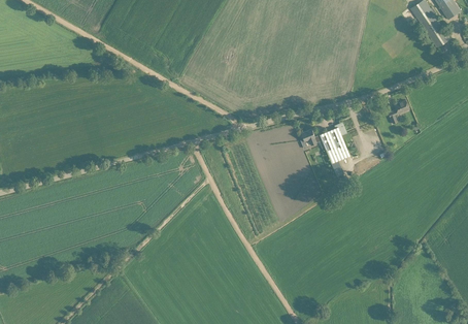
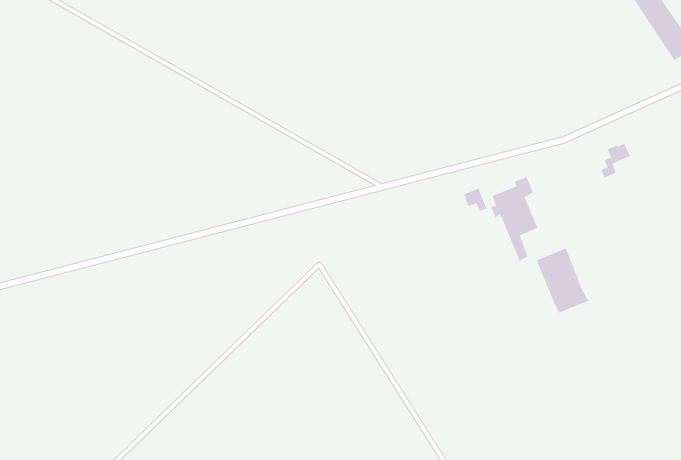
building: none -> [536,247,589,314]

